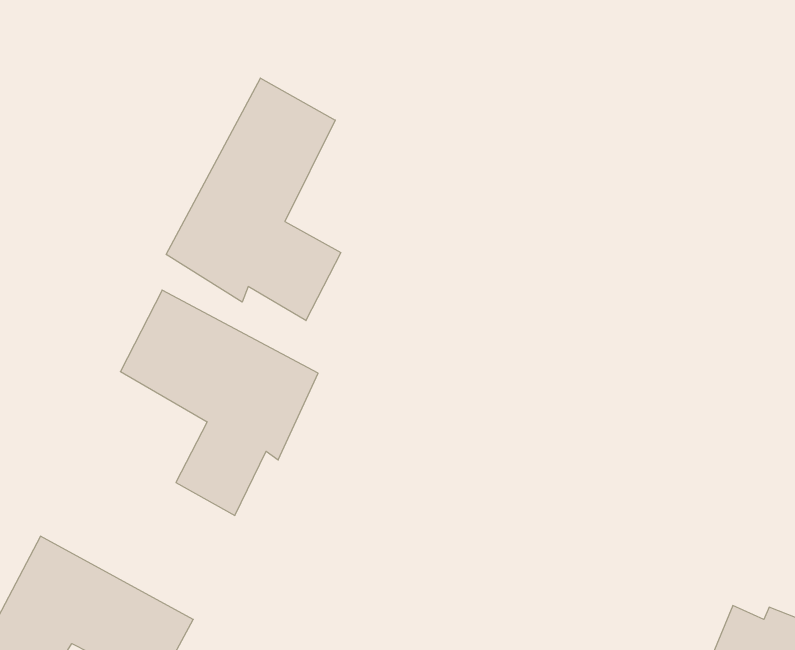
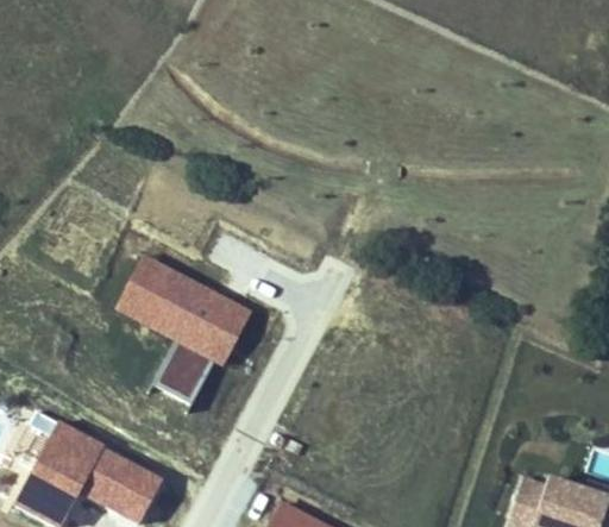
building: [166,78,341,321] -> none

